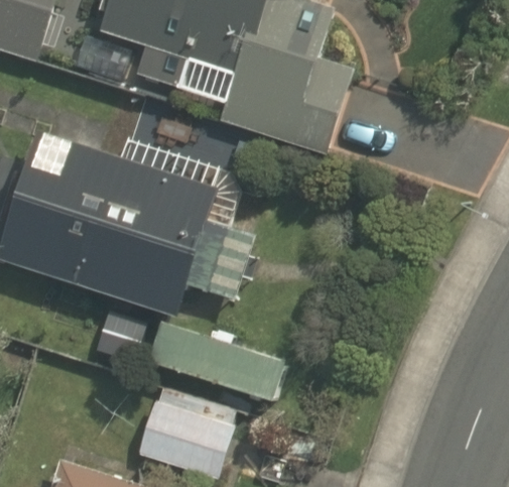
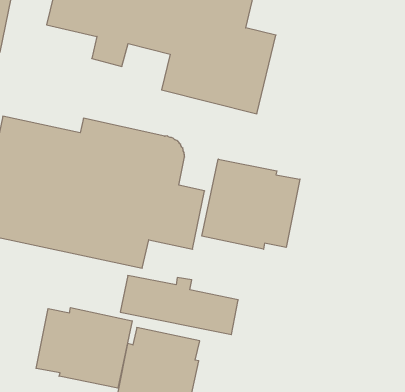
building: none -> [202,159,300,249]
building: none -> [36,308,132,388]

